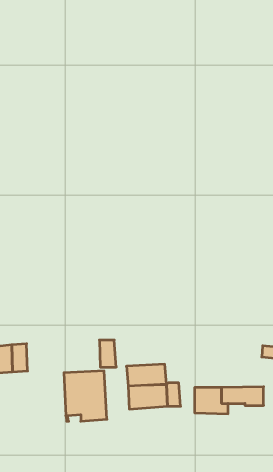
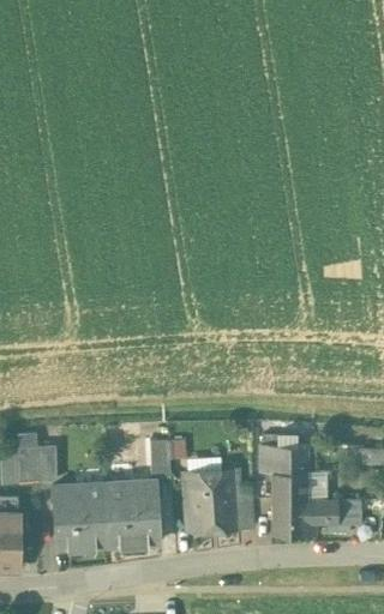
building: none -> [260,445,307,501]
building: none -> [53,482,107,548]

